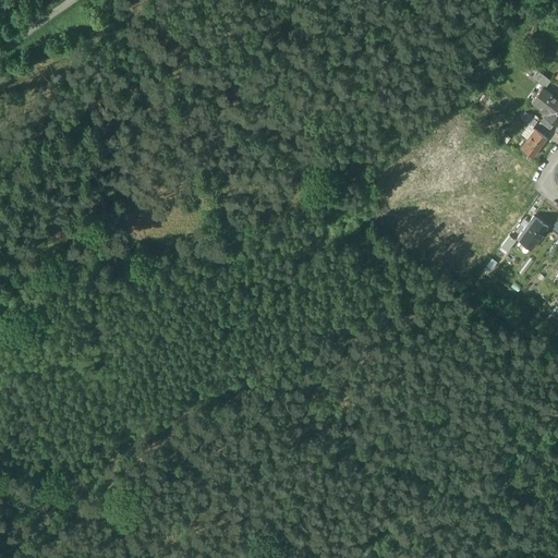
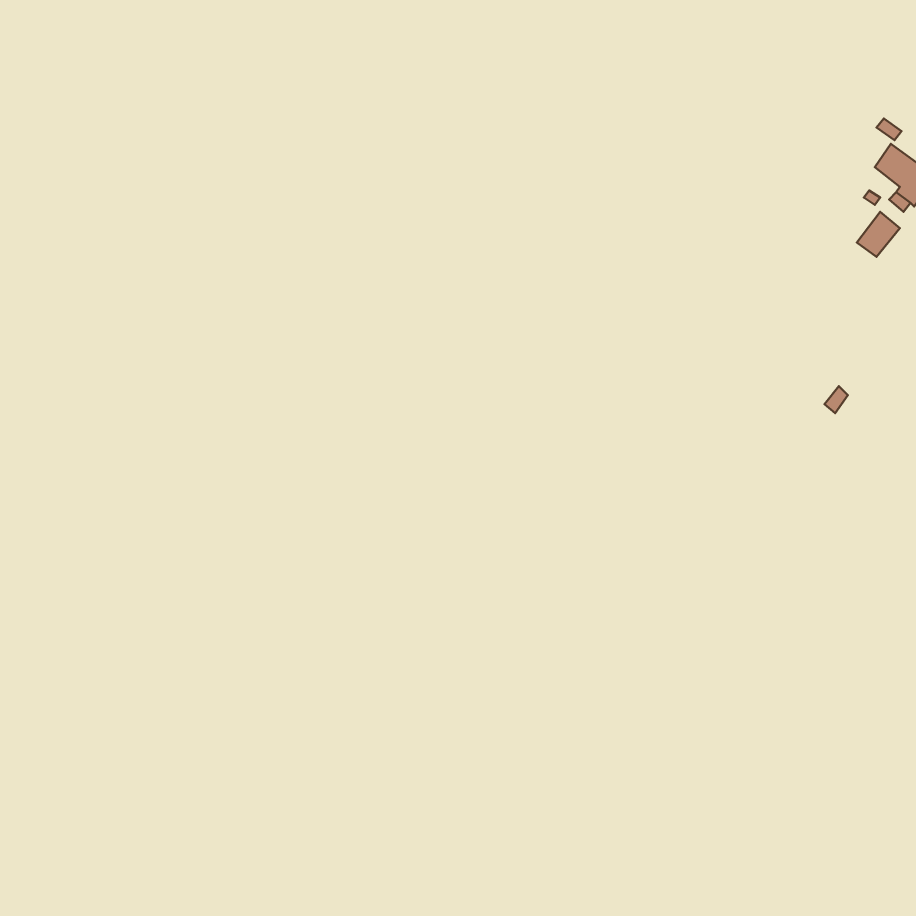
building: [518,217,548,250] -> none

